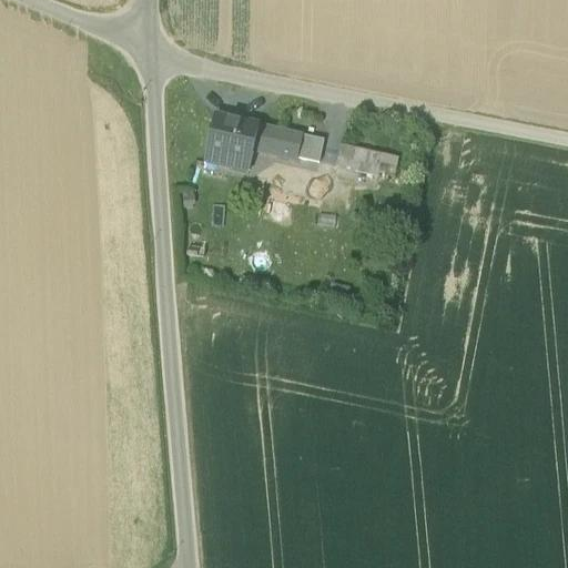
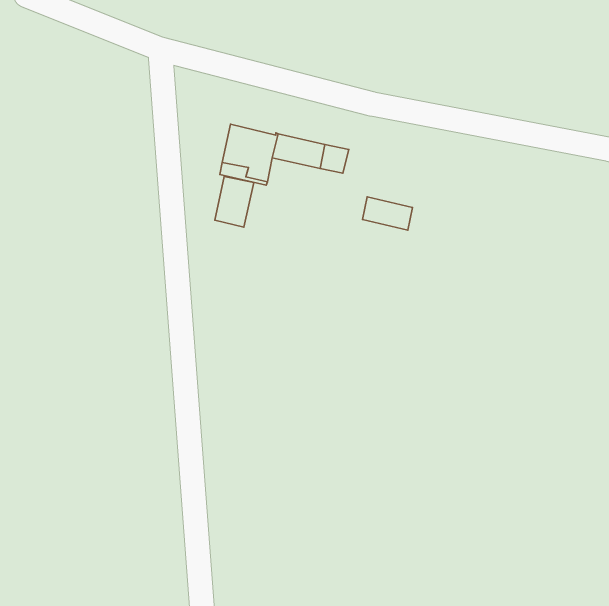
building: [337,143,384,174] -> [362,197,413,230]
building: none -> [215,176,254,227]

